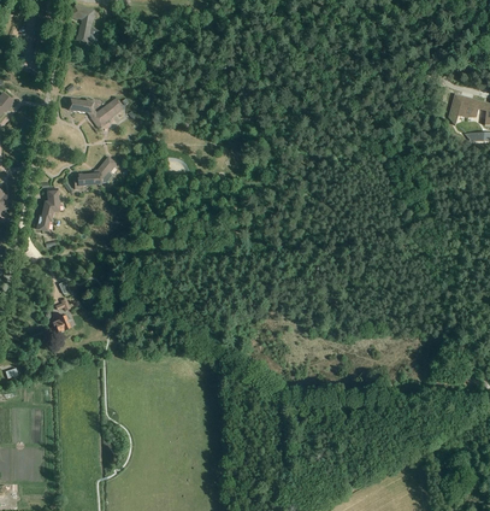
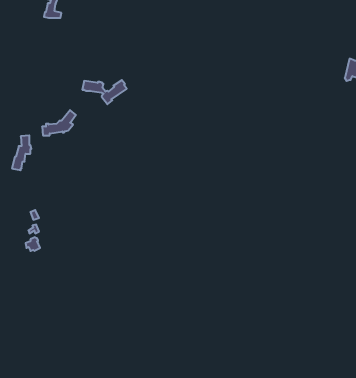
building: [67,98,123,128] -> [82,80,127,104]

